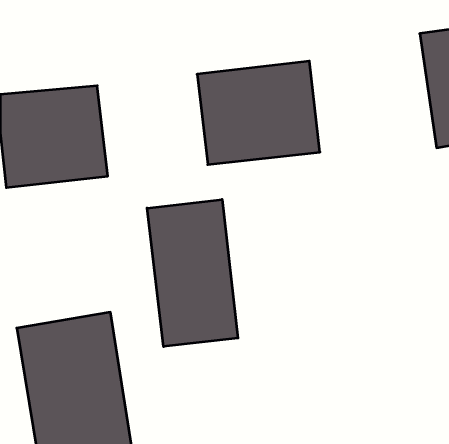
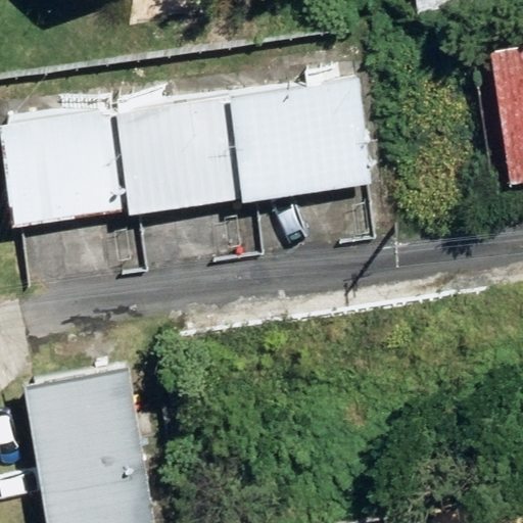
building: none -> [115,95,243,212]
building: [147,199,238,347] -> none

